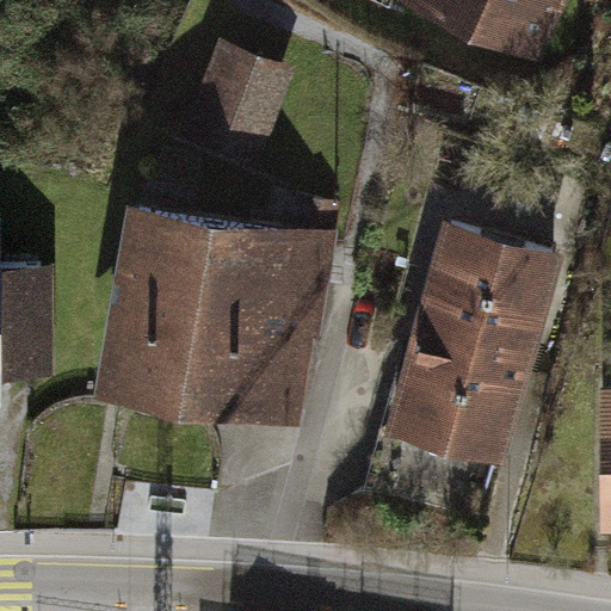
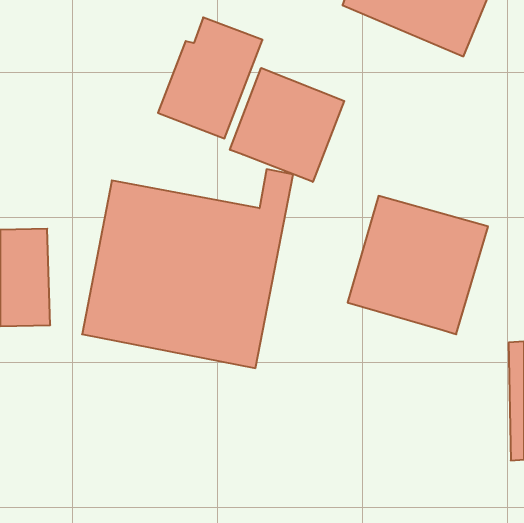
building: none -> [230,68,344,182]
building: [379,352,512,467] -> none

